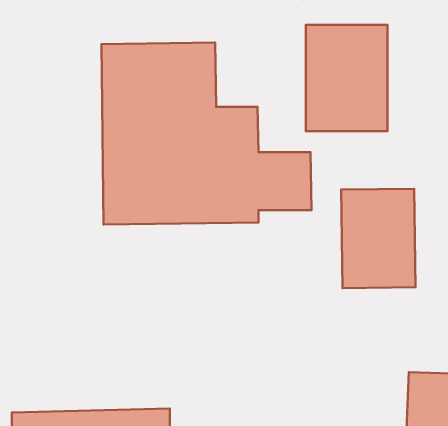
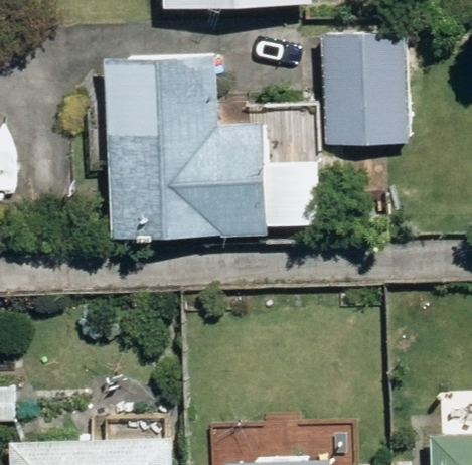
building: [341,189,416,288] -> none

